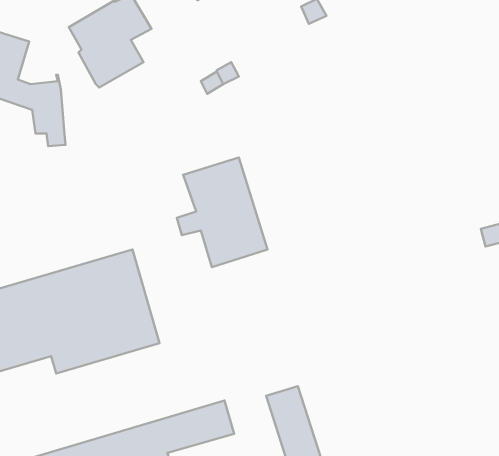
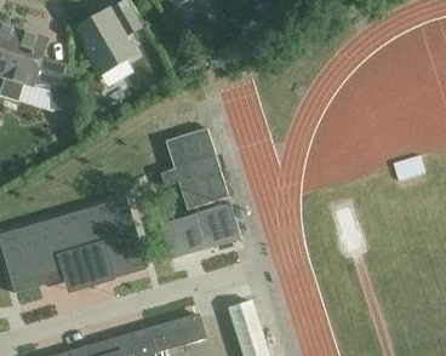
building: none -> [161,202,241,260]

